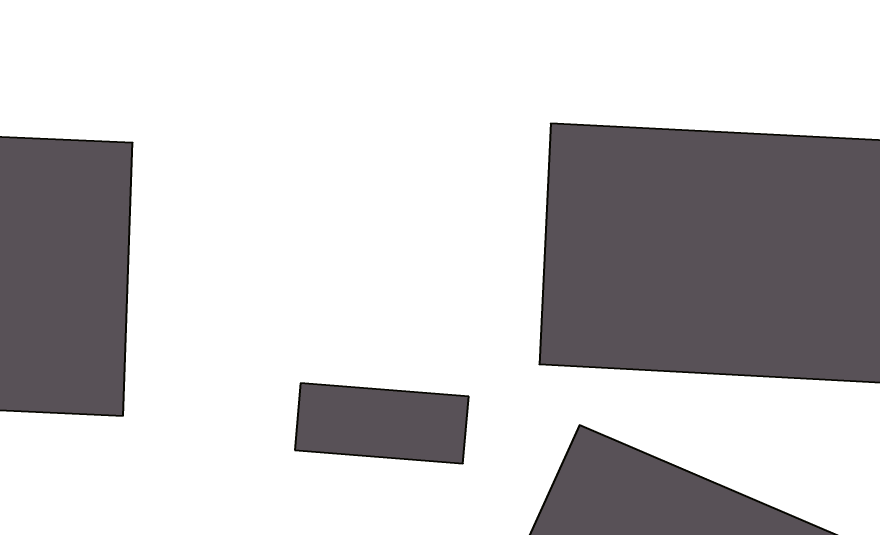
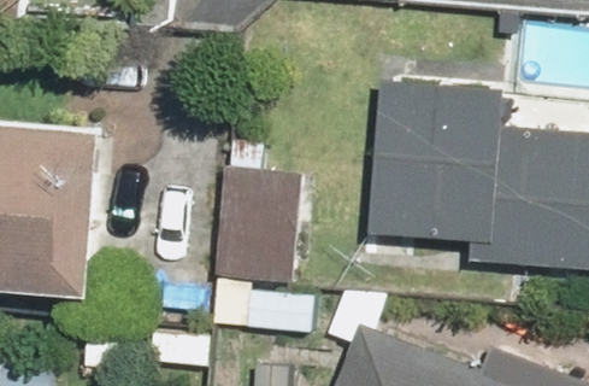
building: none -> [217,148,290,268]

